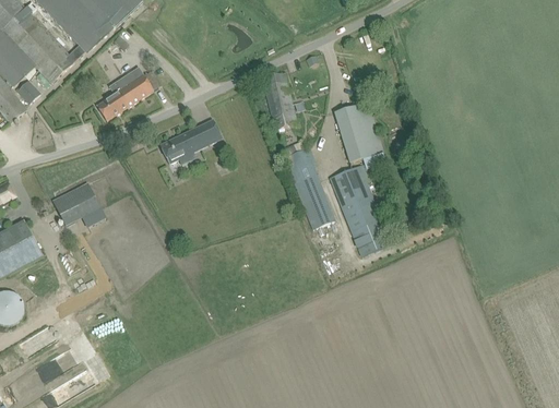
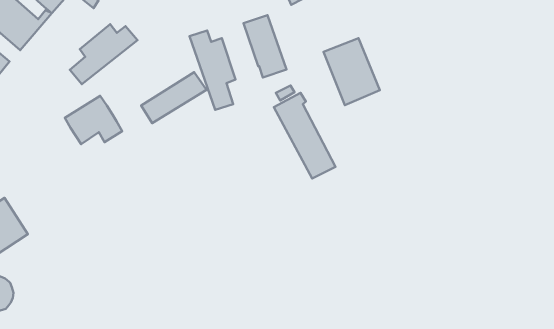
building: none -> [189,31,235,110]
building: [329,163,392,255] -> none
building: [52,182,105,226] -> [65,96,122,144]

